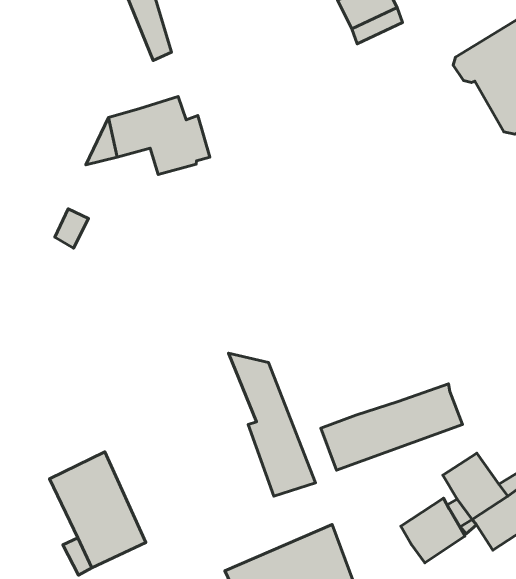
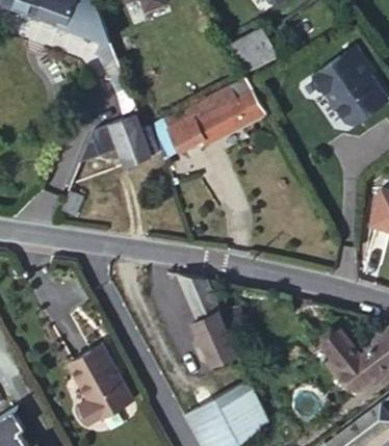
building: none -> [149,77,264,162]
building: [321,384,462,470] -> none
building: [401,498,465,563] -> none

